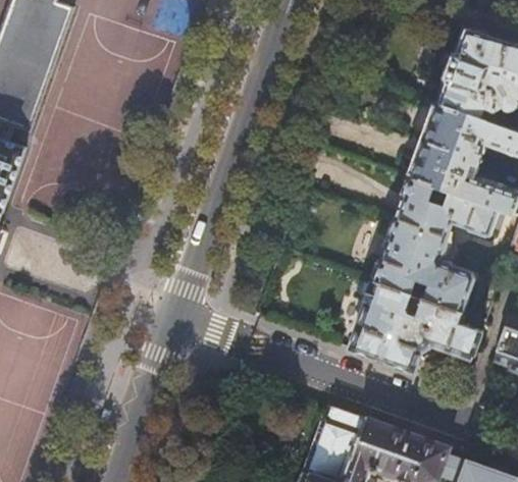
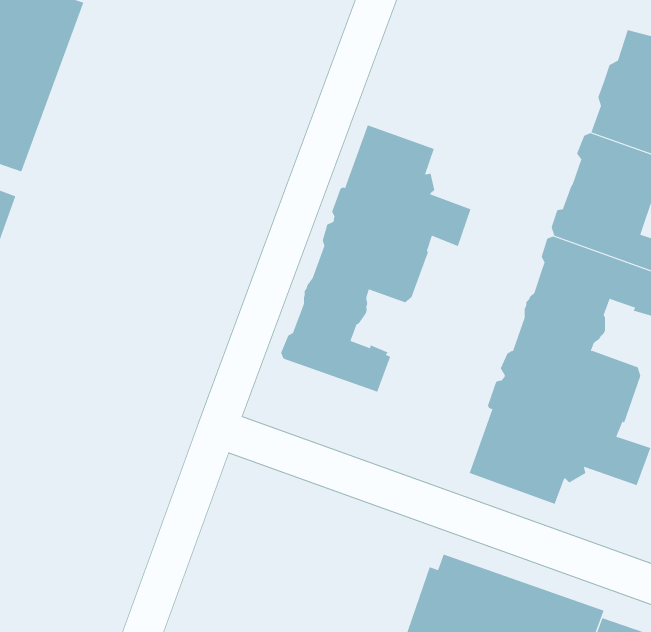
building: none -> [281,125,471,393]

